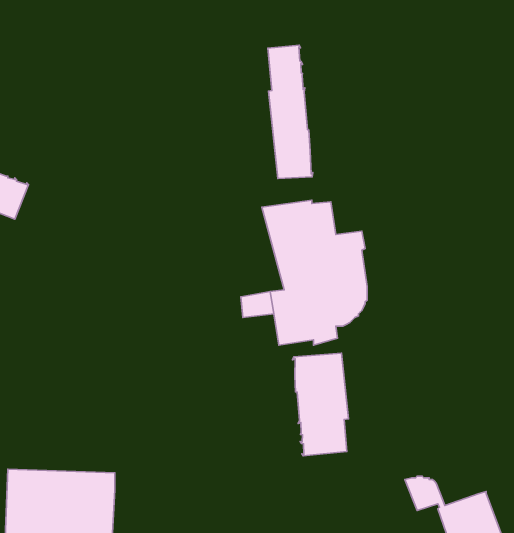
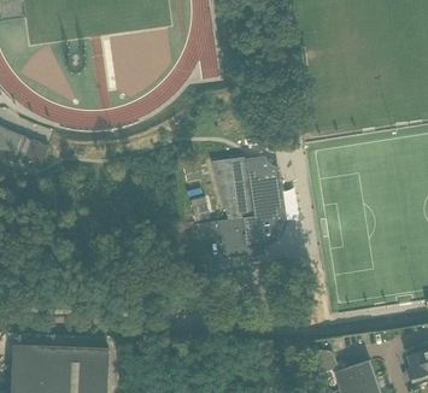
building: [268,45,313,179] -> none
building: [293,353,349,456] -> none

